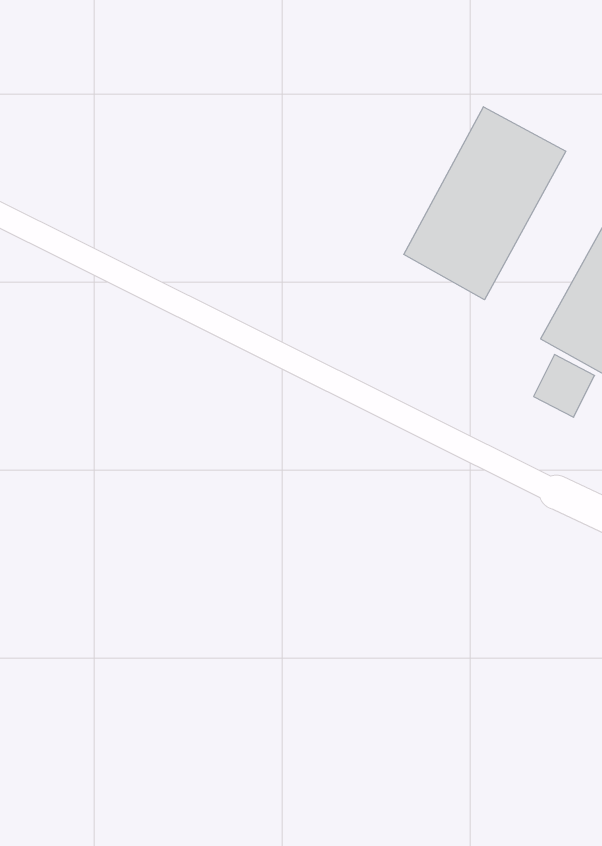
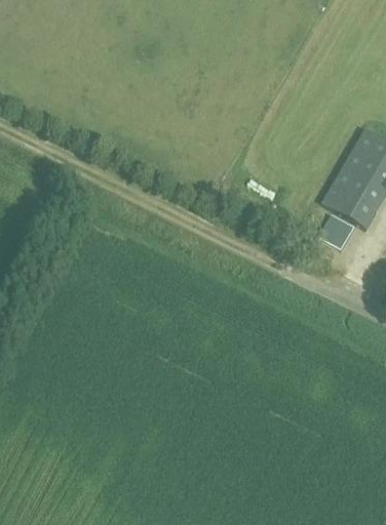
building: [404,107,566,300] -> none

